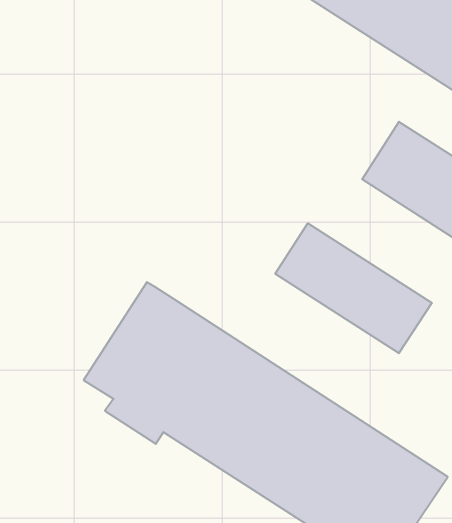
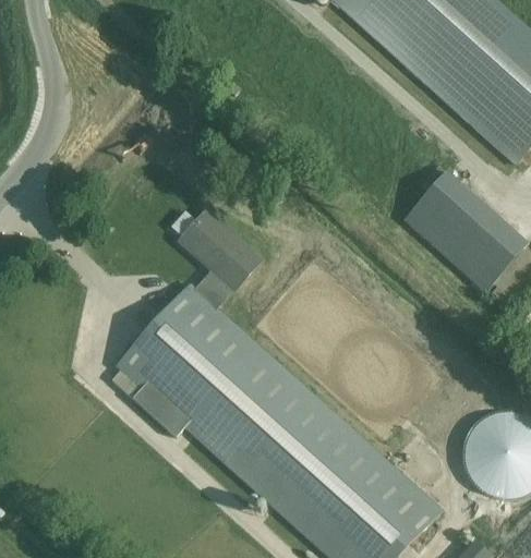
building: none -> [180,210,260,306]
building: [275,223,432,353] -> none

